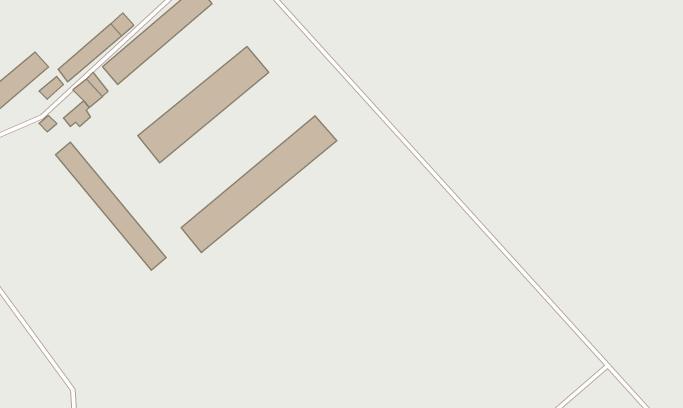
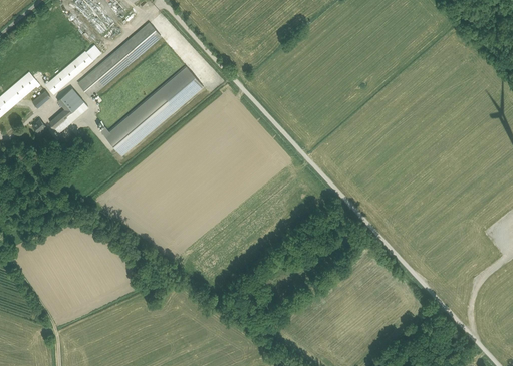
building: [181,116,337,253] -> none
building: [56,142,166,270] -> none

